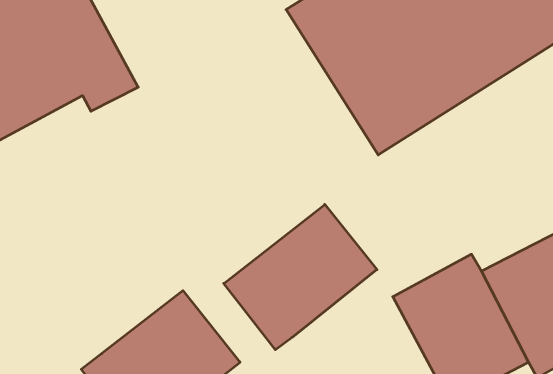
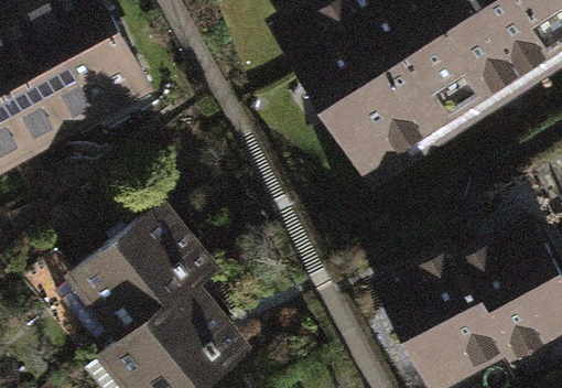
building: none -> [71,208,216,346]
building: [224,204,377,350] -> none

